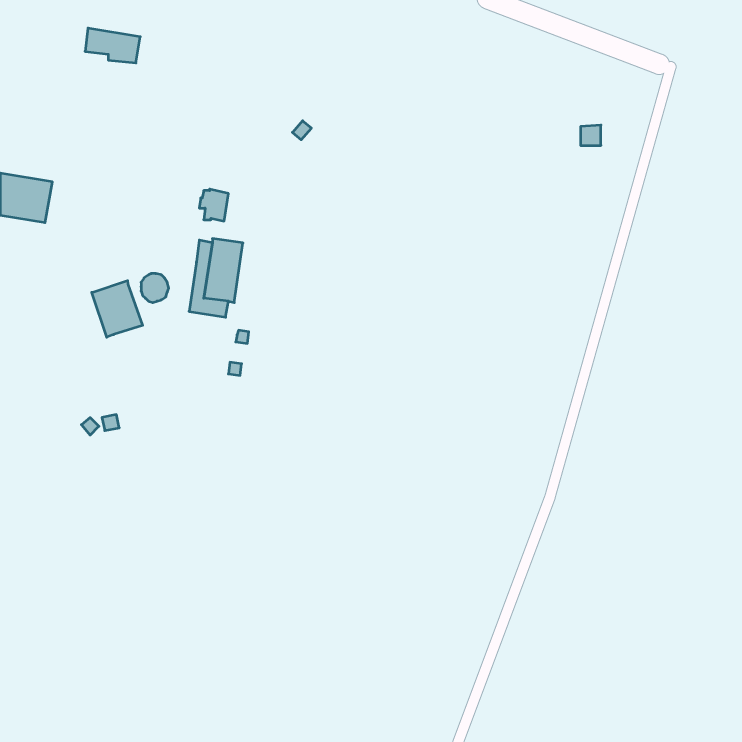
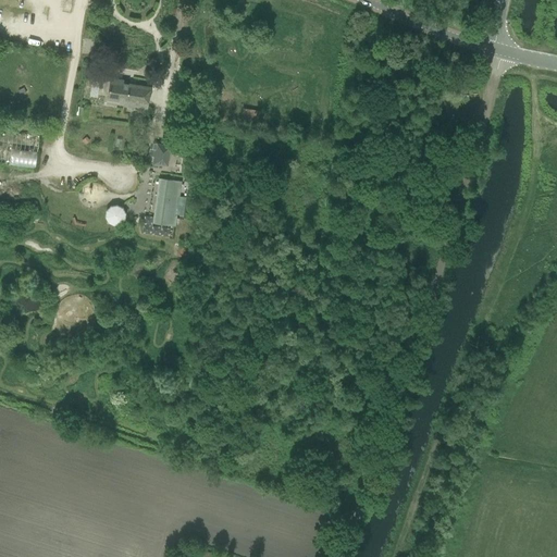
building: [85,28,140,63] -> [110,81,151,107]
building: [92,281,143,337] -> none

